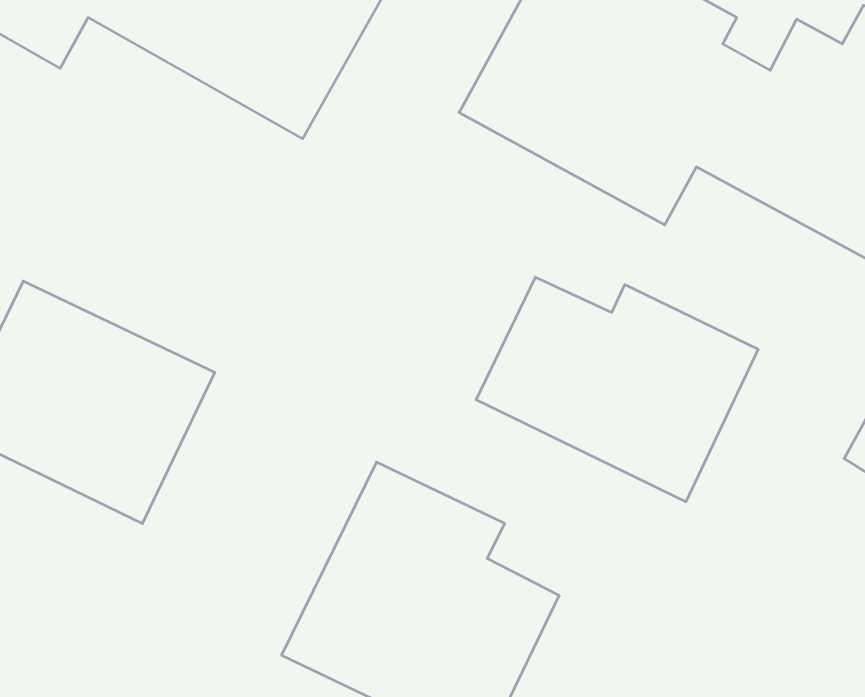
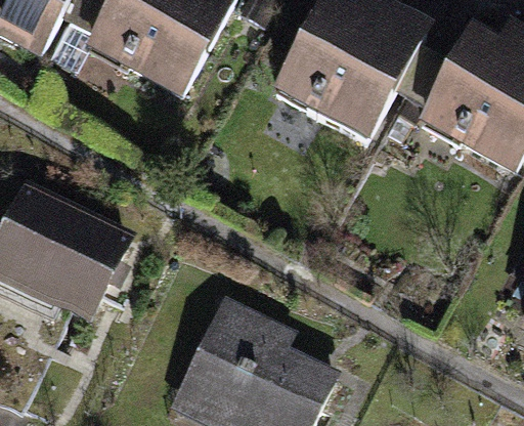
building: [476,277,758,502] -> none

